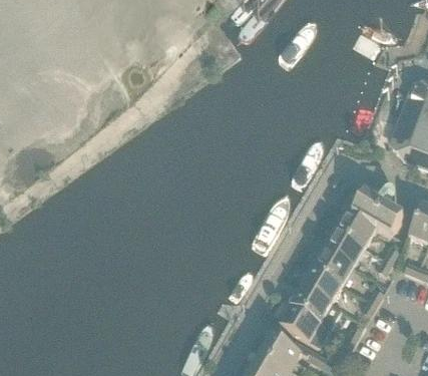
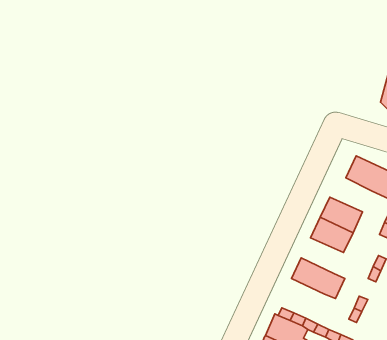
building: [334,209,375,246] -> none
building: [301,266,342,302] -> none
building: [278,303,330,346] -> none

